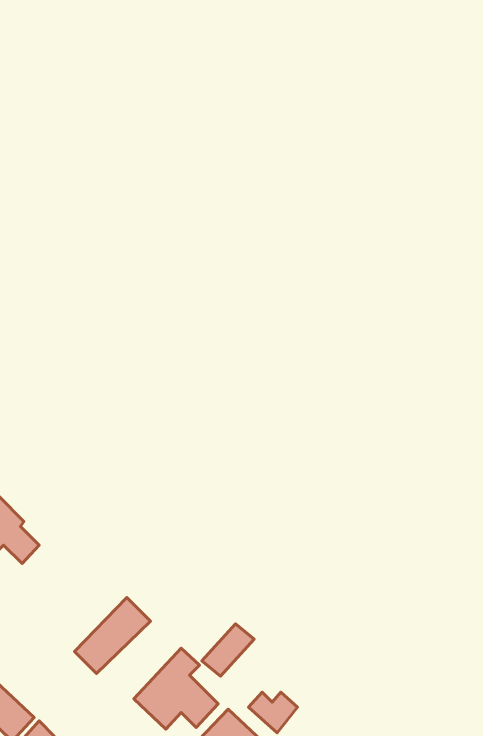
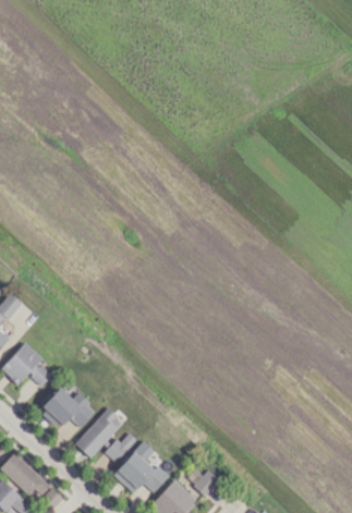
building: none -> [40,387,94,430]
building: [202,624,254,676] -> [106,430,139,464]

